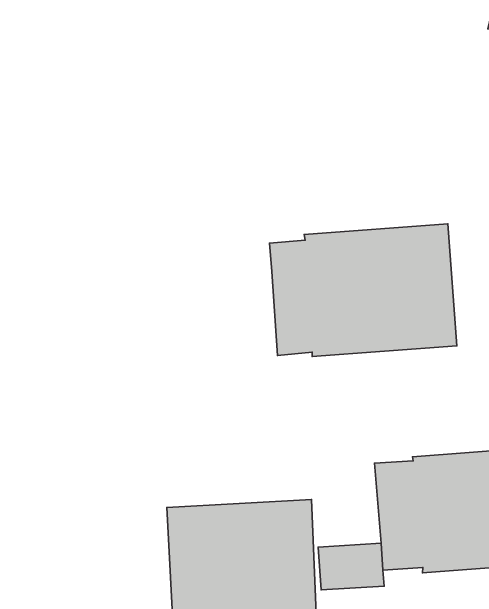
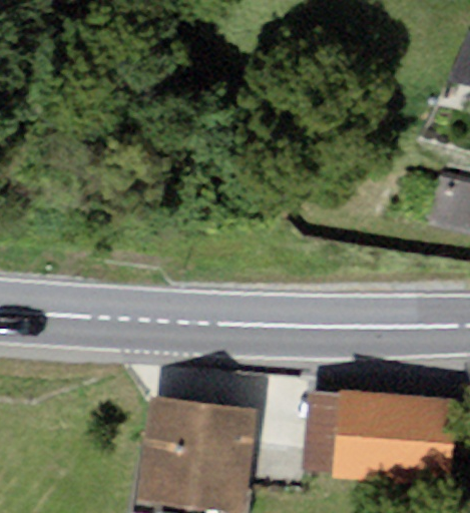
building: [269,224,457,357] -> none

